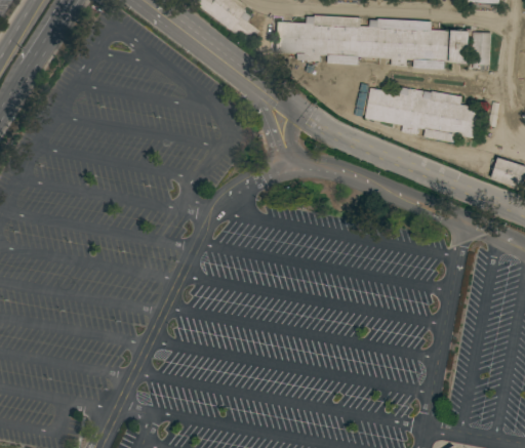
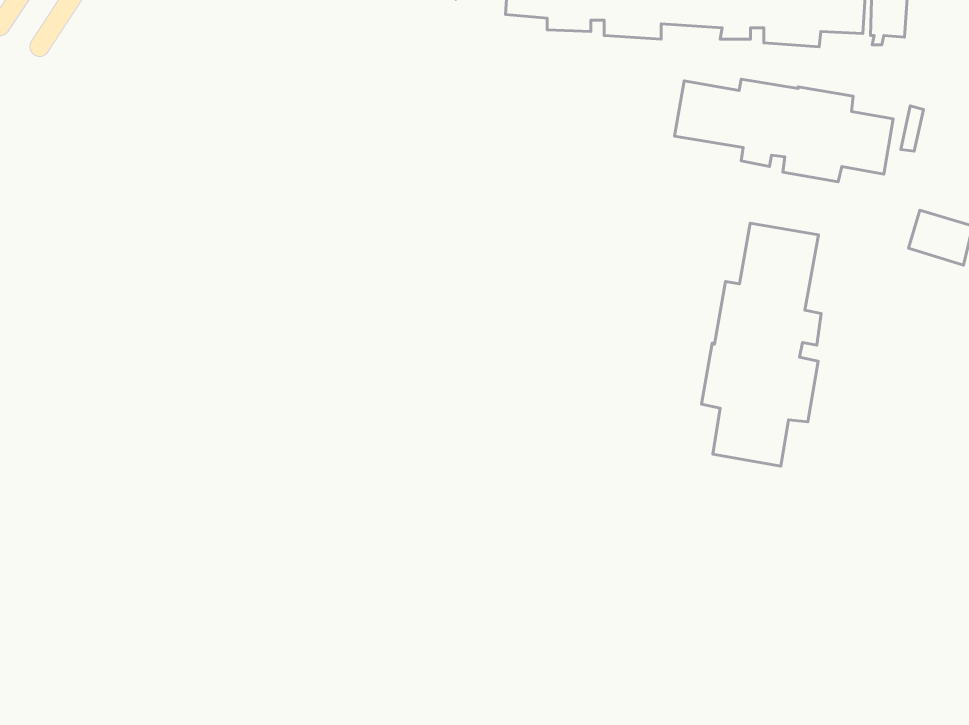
building: none -> [702,223,821,466]

